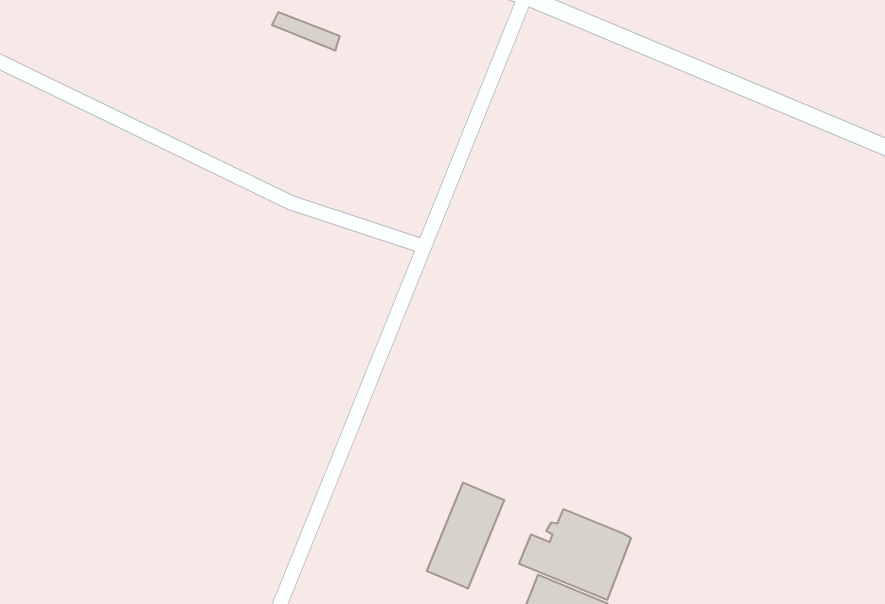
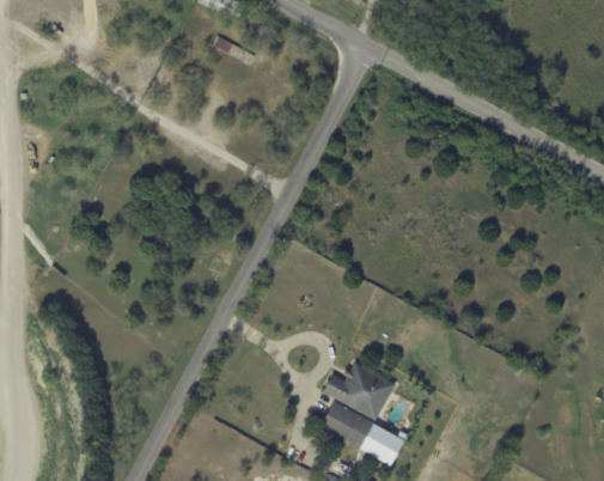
building: [427,482,504,589] -> none

